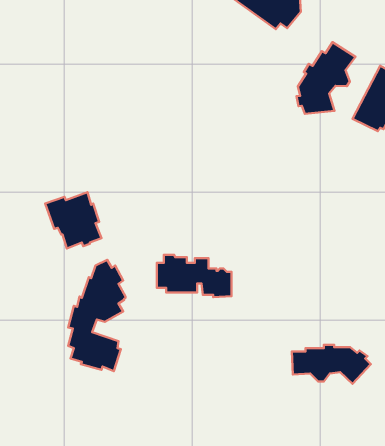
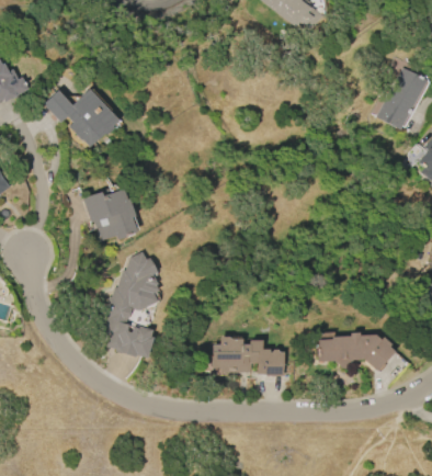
building: [297,42,356,114] -> none
building: none -> [44,88,118,146]
building: [157,255,231,297] -> [213,336,284,376]

